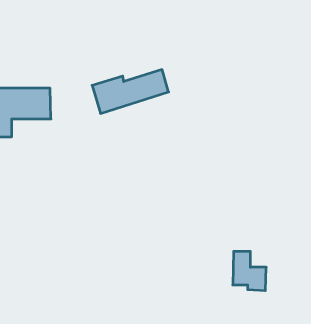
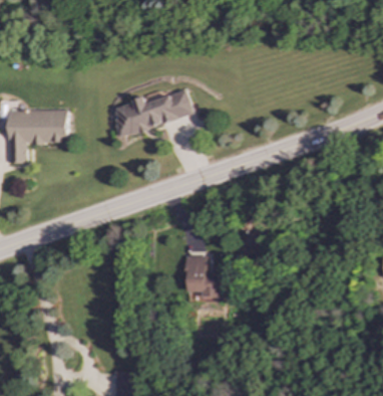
building: [233,251,266,291] -> [186,255,223,298]

